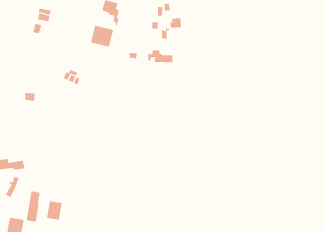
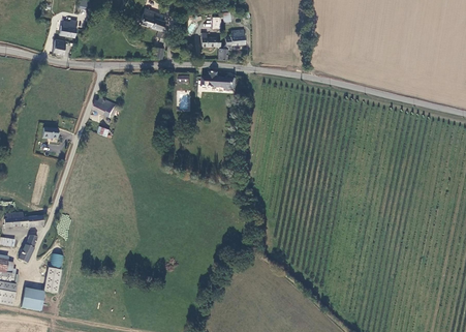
building: [90,25,114,47] -> none
building: [46,200,62,221] -> none

